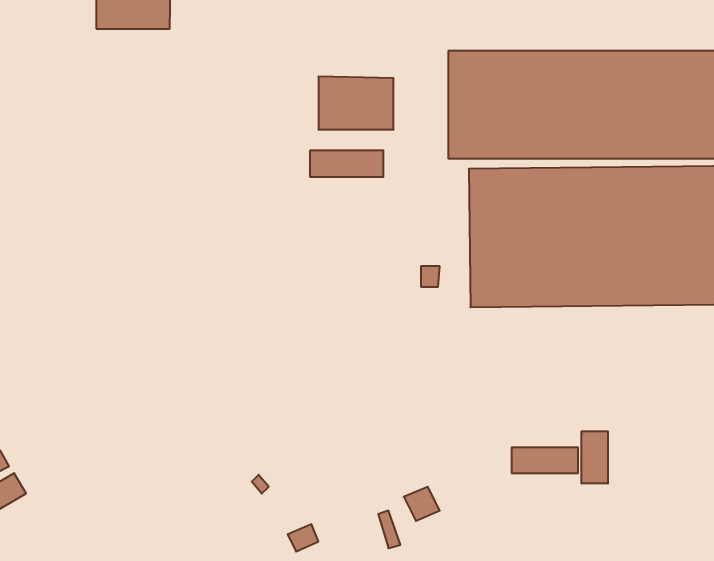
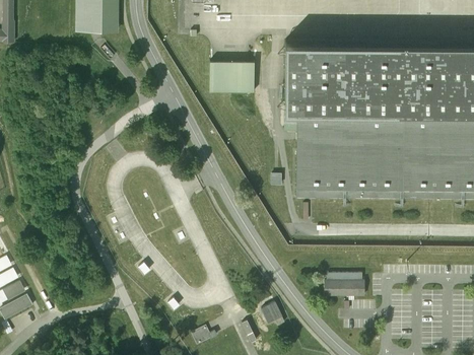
building: [310,150,383,177] -> none
building: [582,431,608,484] -> none

